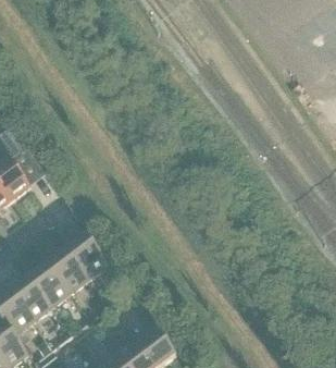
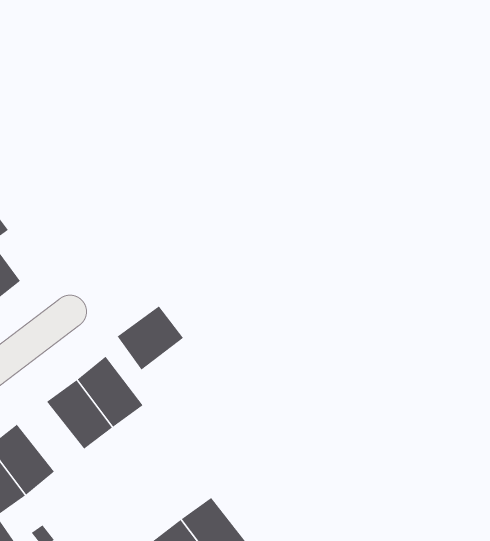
building: none -> [117,305,184,371]
building: [28,262,71,307] -> none

